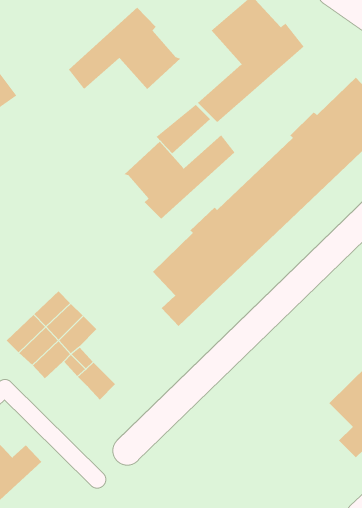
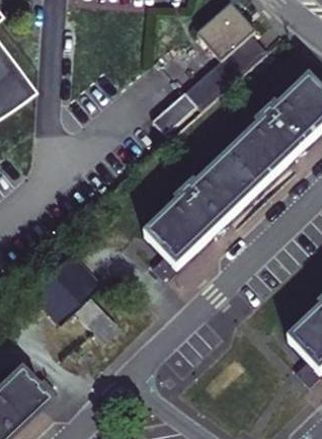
building: [68,7,181,90] -> none
building: [123,135,235,219] -> none

